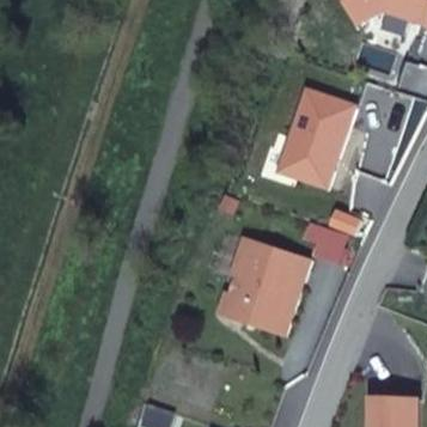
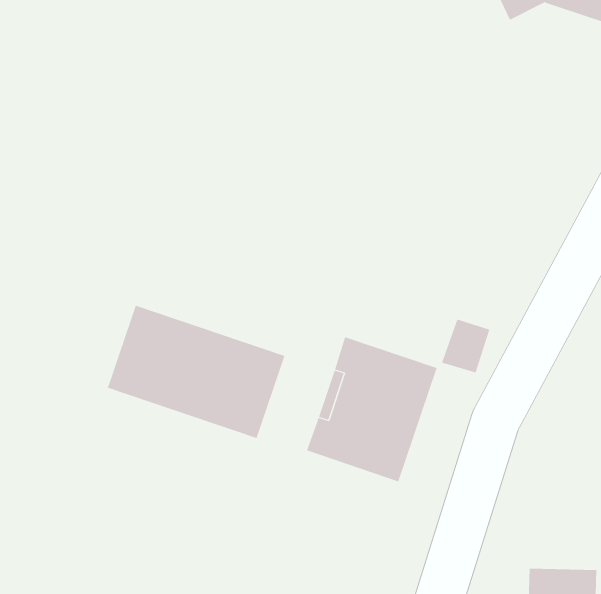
building: [281,87,353,183] -> none
building: none -> [107,305,285,439]

